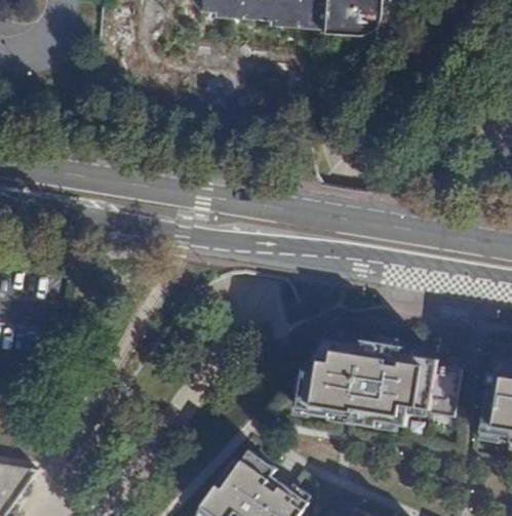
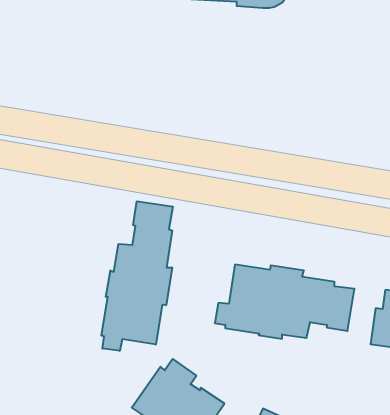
building: none -> [101,201,173,351]

